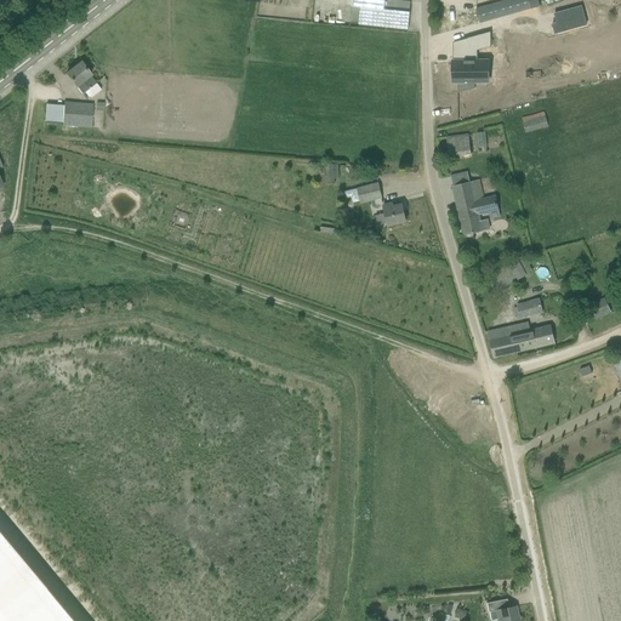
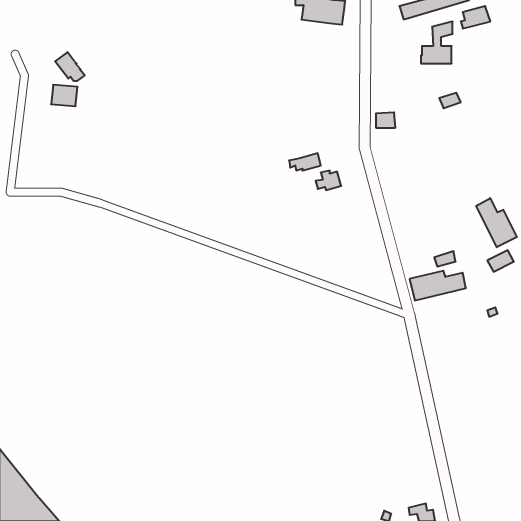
building: [452,32,490,81] -> [421,22,453,63]
building: [452,180,500,234] -> none
building: none -> [476,198,517,247]

